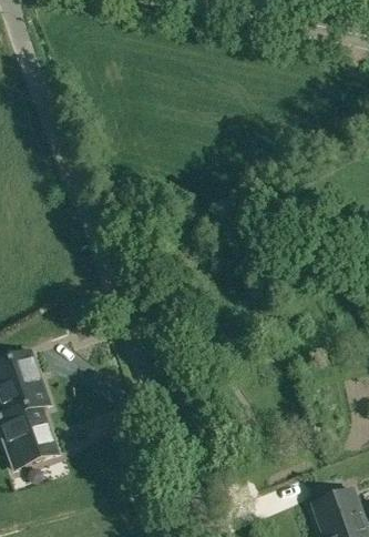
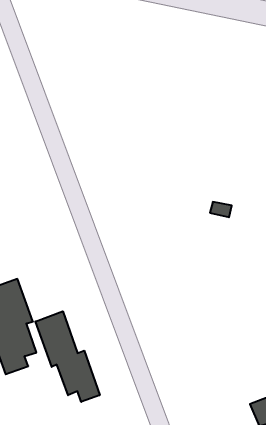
building: none -> [35,311,100,402]

